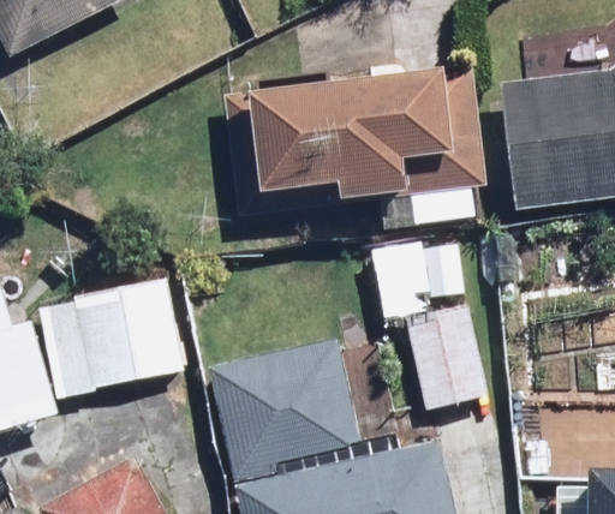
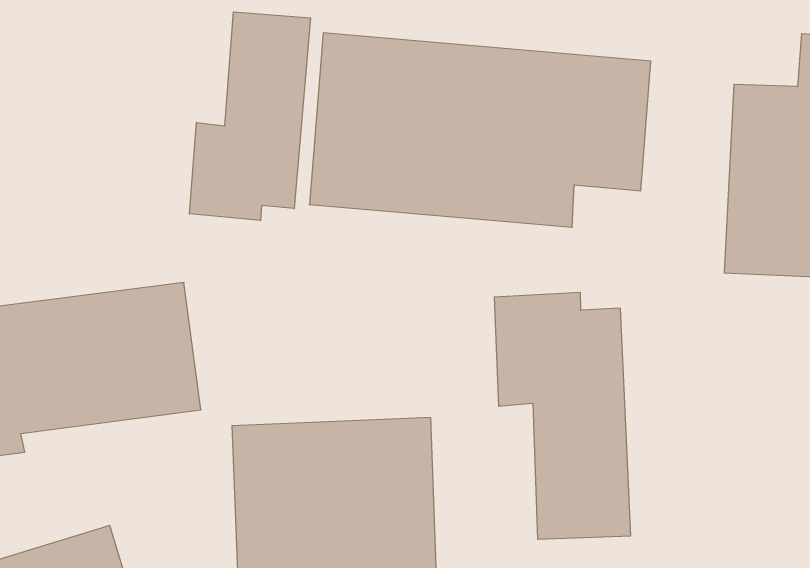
building: none -> [189,12,311,221]

